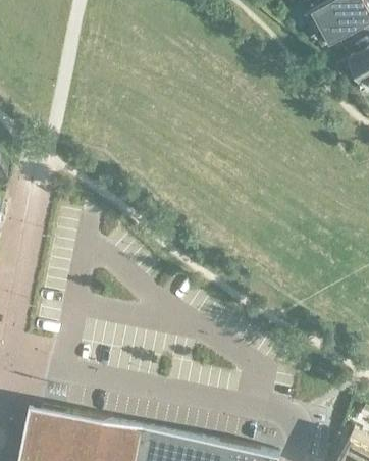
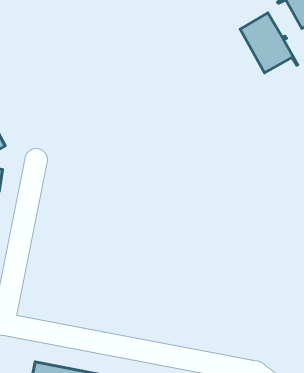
building: none -> [240,13,298,73]

